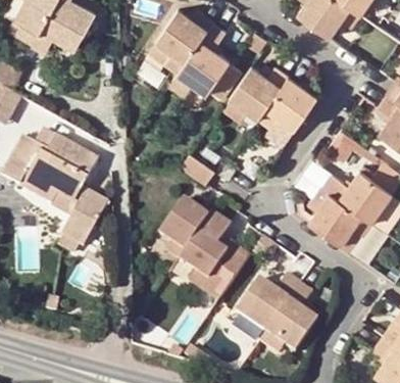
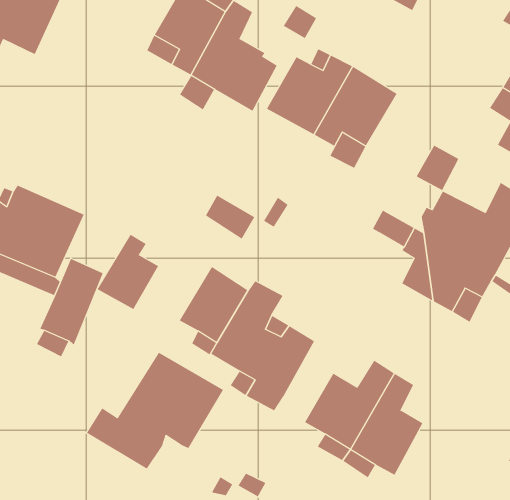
building: none -> [97,234,159,310]
building: none -> [86,352,224,470]

